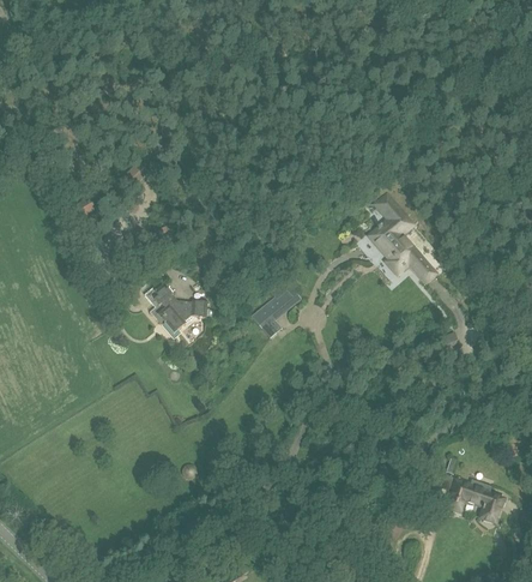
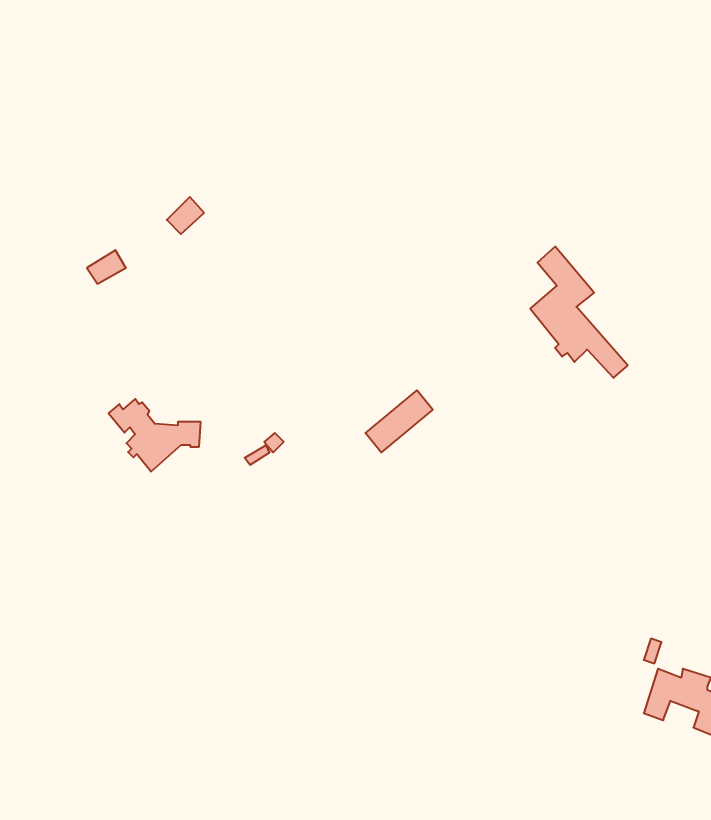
building: [144,283,206,332] -> [109,399,201,472]

